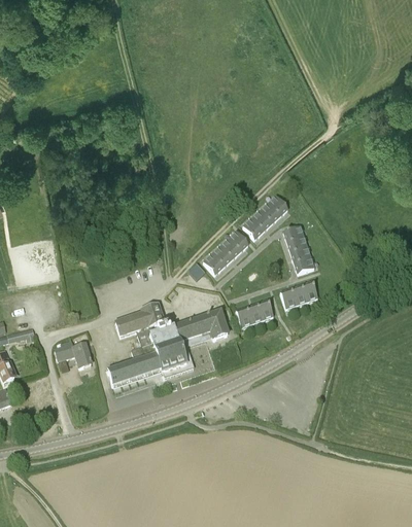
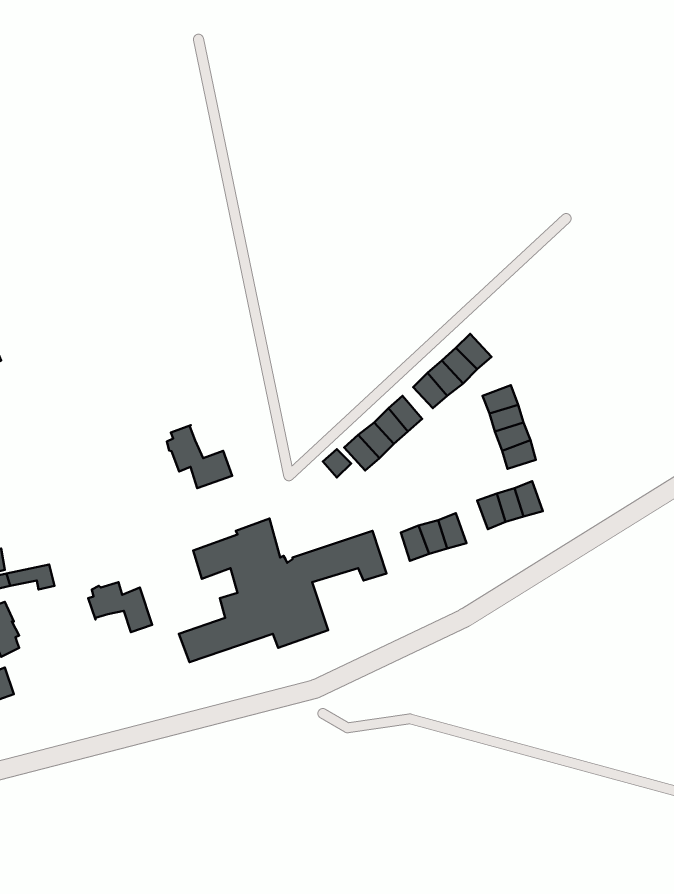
building: none -> [167,425,232,488]

